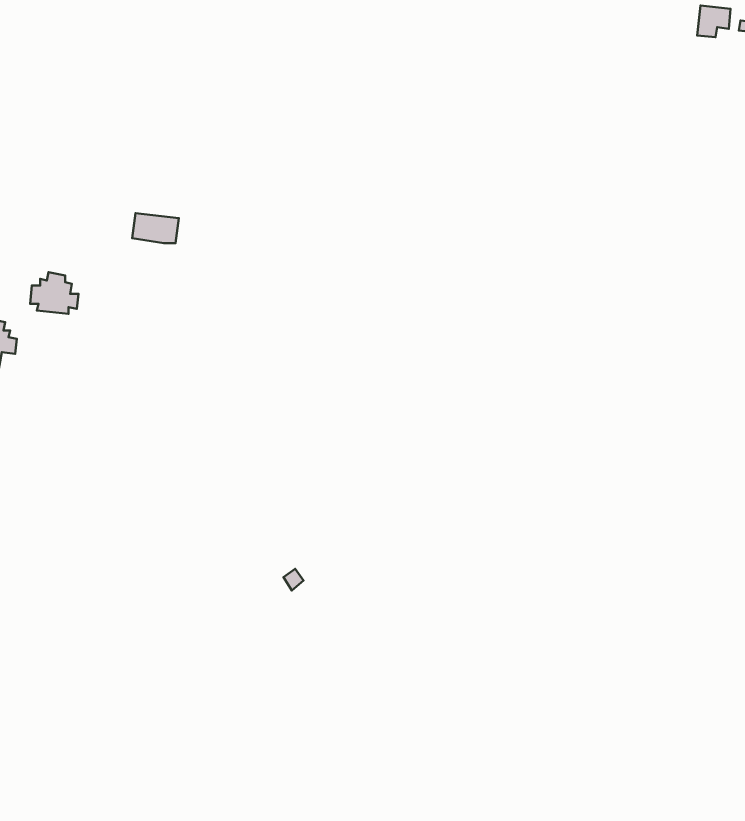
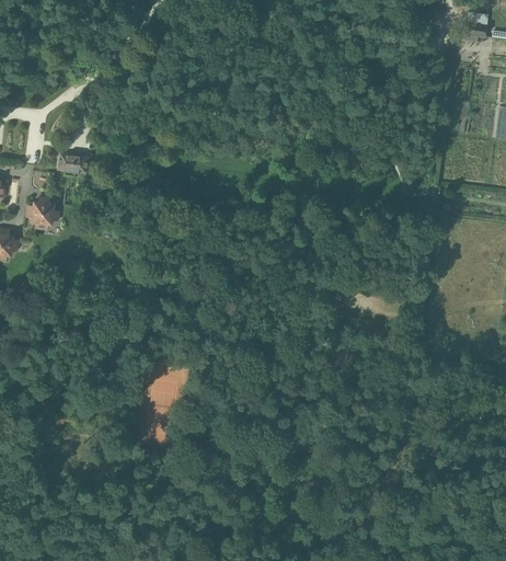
building: [132,213,179,243] -> [58,152,89,172]

